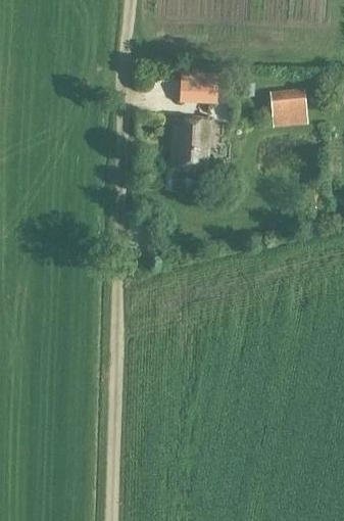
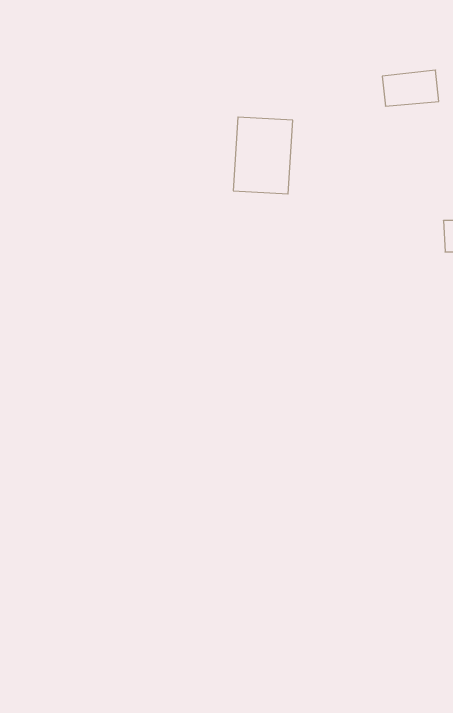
building: [180,75,217,103] -> none

